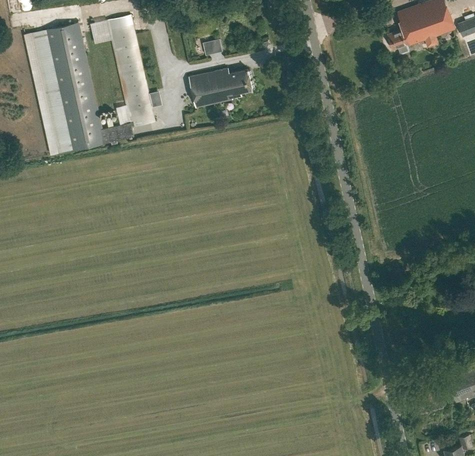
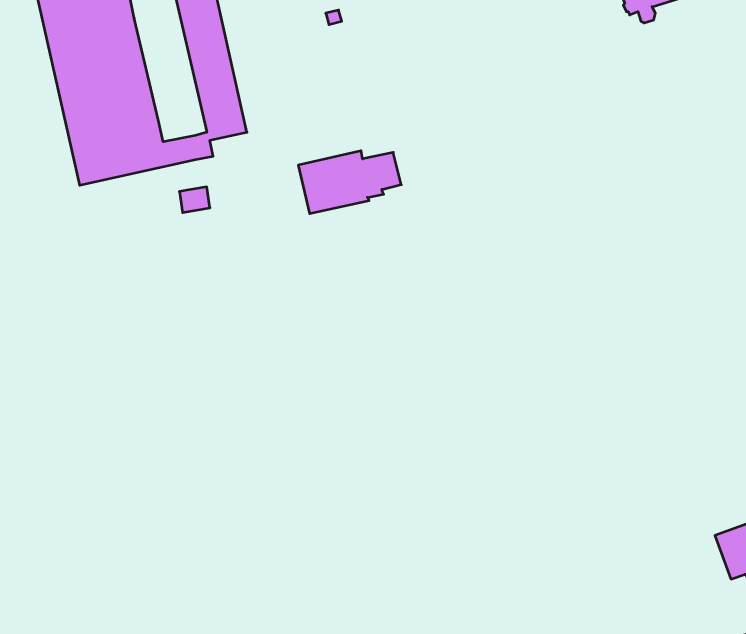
building: [189,68,253,107] -> [298,151,401,214]

